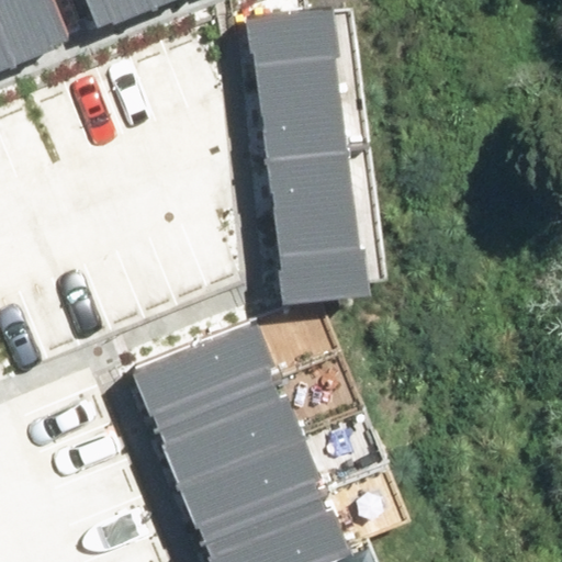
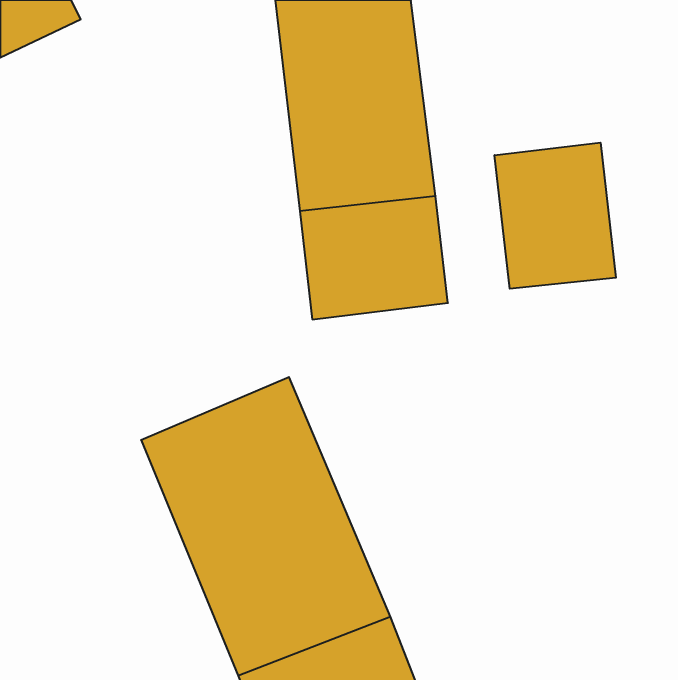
building: none -> [495,143,616,289]

